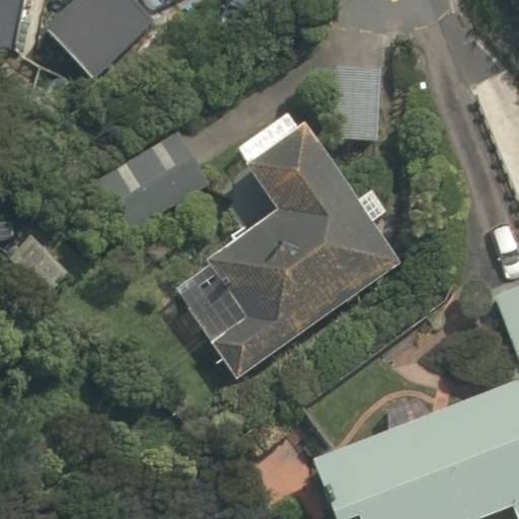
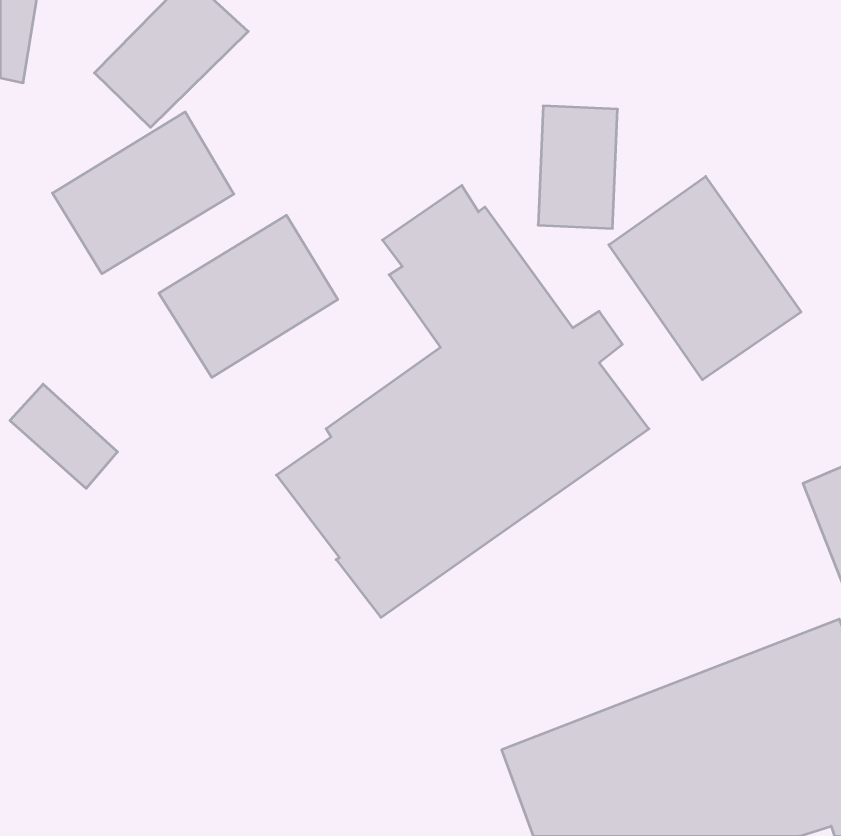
building: none -> [52,112,234,274]
building: none -> [609,176,801,380]

